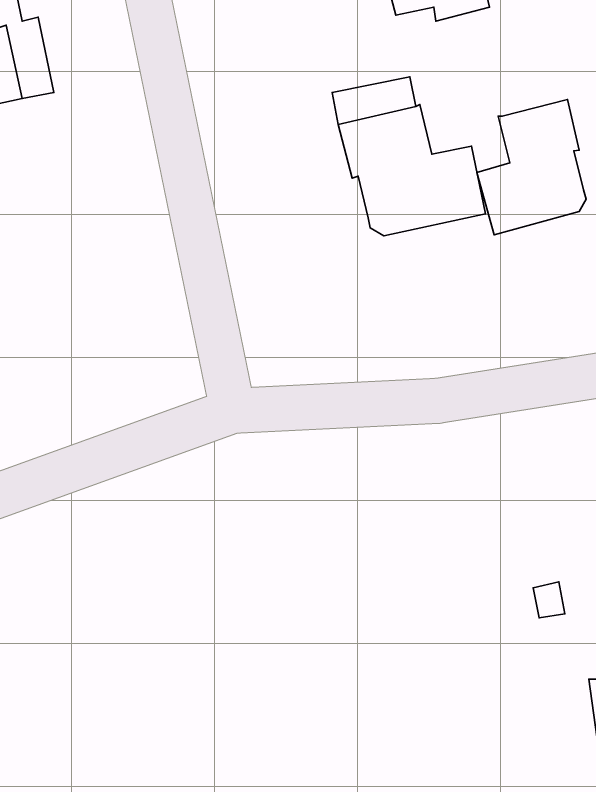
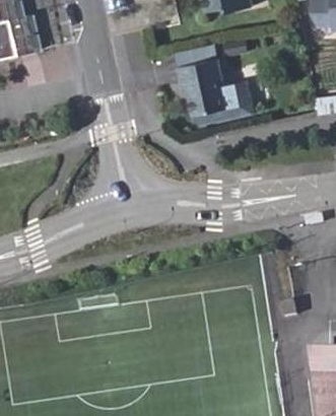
building: [477,99,586,235] -> none

